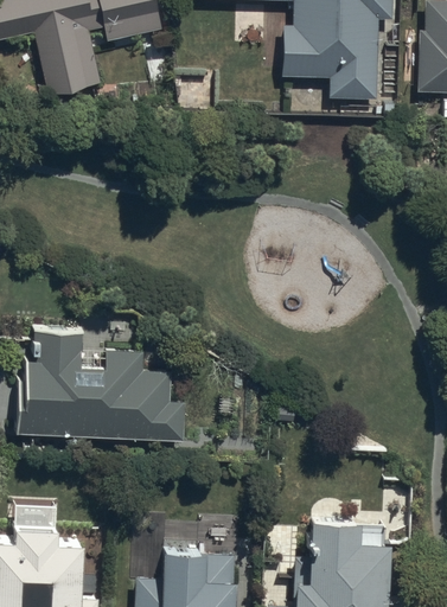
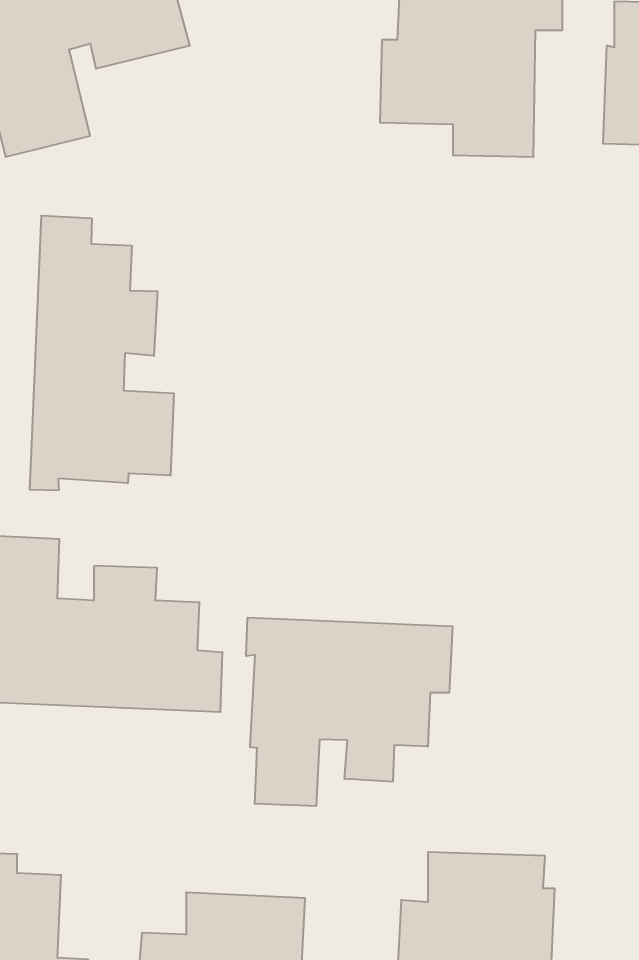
building: none -> [30,215,174,490]
building: none -> [246,618,453,806]

